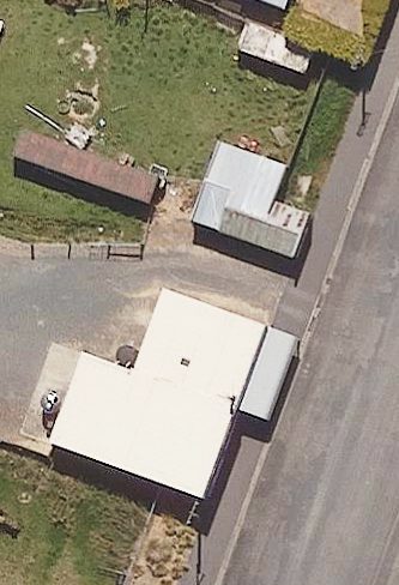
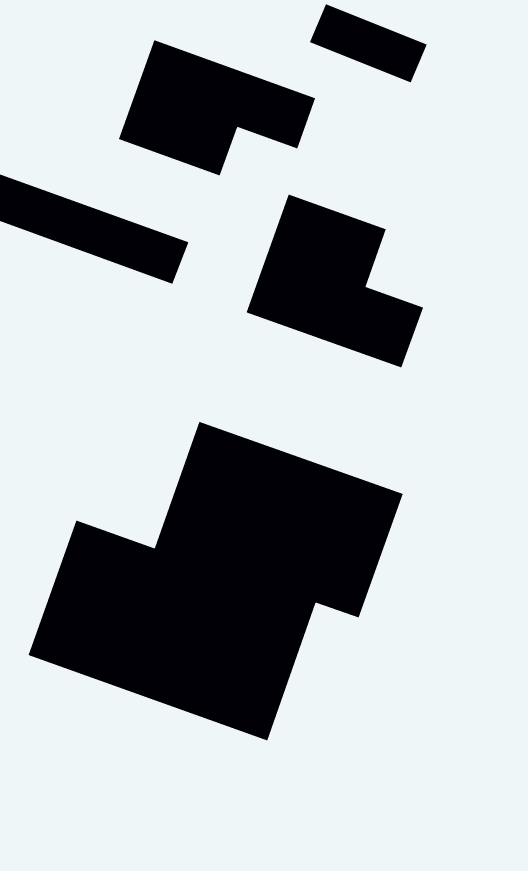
building: none -> [118,39,316,176]

